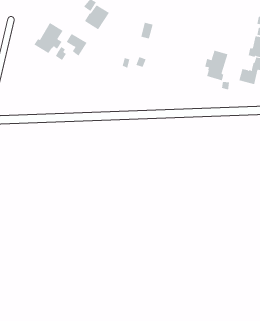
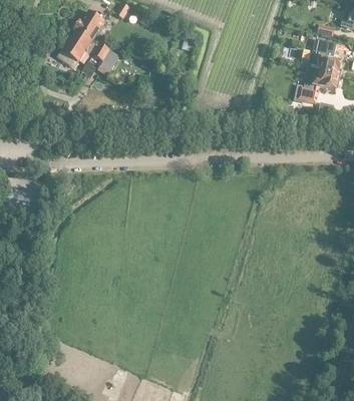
building: [84,4,110,30] -> [74,10,104,40]
building: [204,50,228,81] -> none

